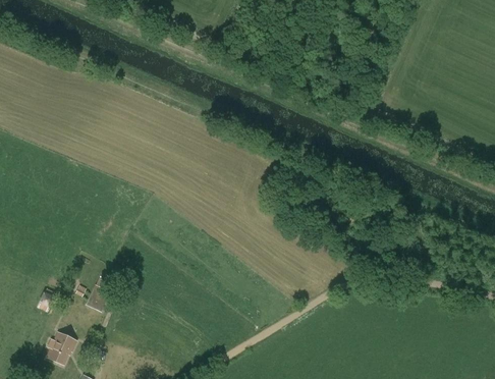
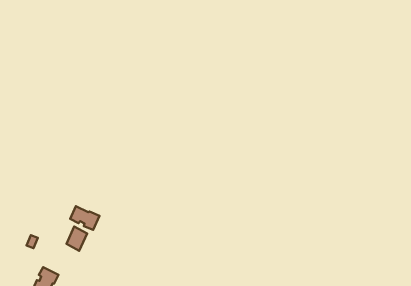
building: none -> [70,206,99,230]

